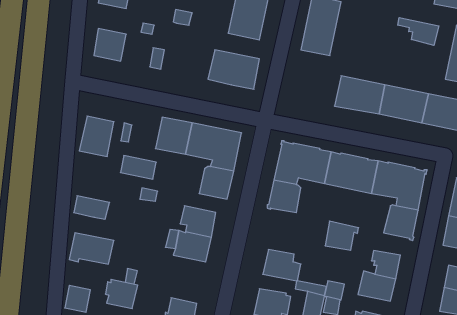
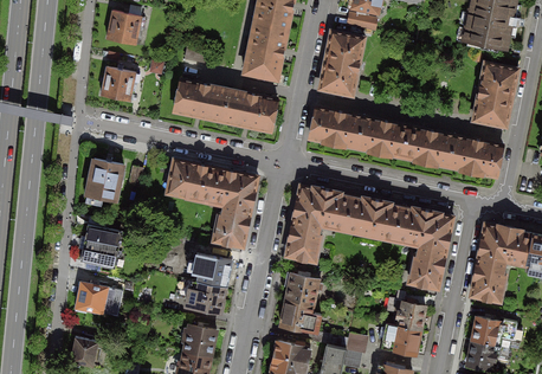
building: [398,18,439,45] -> none
building: none -> [175,80,230,121]
building: none -> [310,108,363,149]
building: [120,156,156,179] -> [84,226,122,251]
building: [325,221,359,250] -> [286,275,322,305]
building: [105,279,138,309] -> [182,327,217,357]

